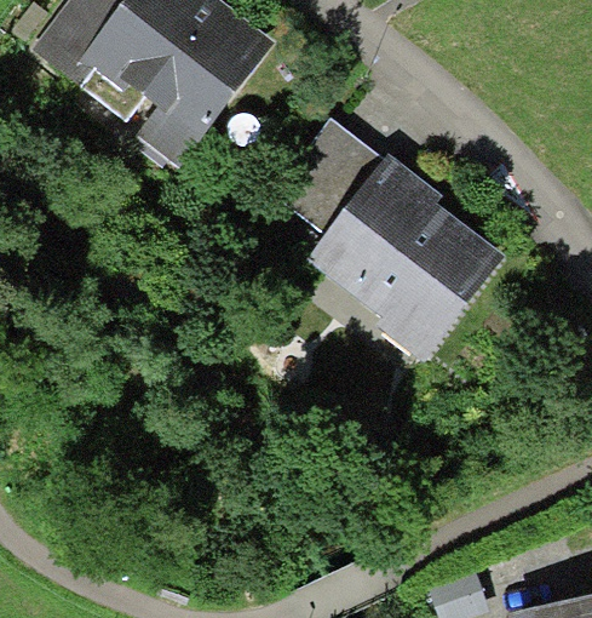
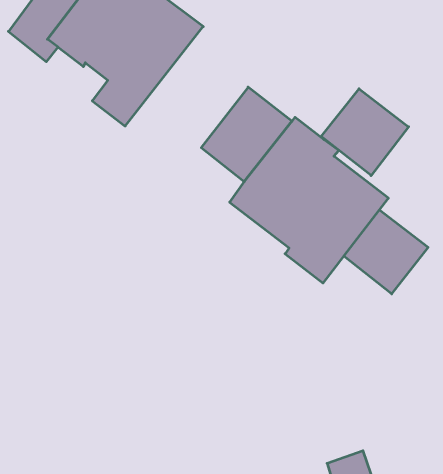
building: none -> [321,89,409,176]
building: none -> [344,210,428,294]

